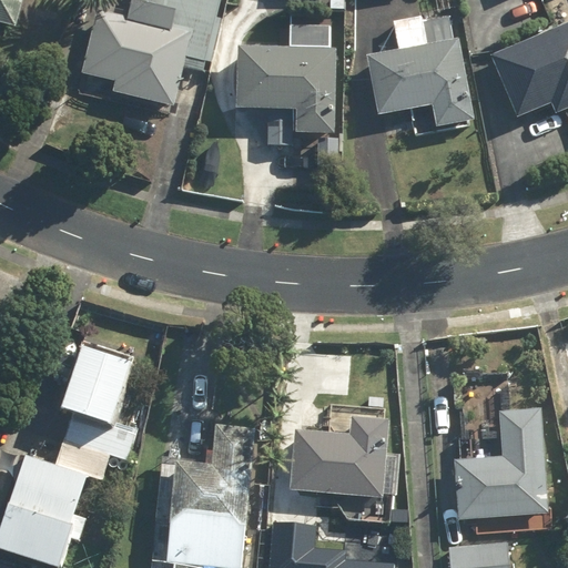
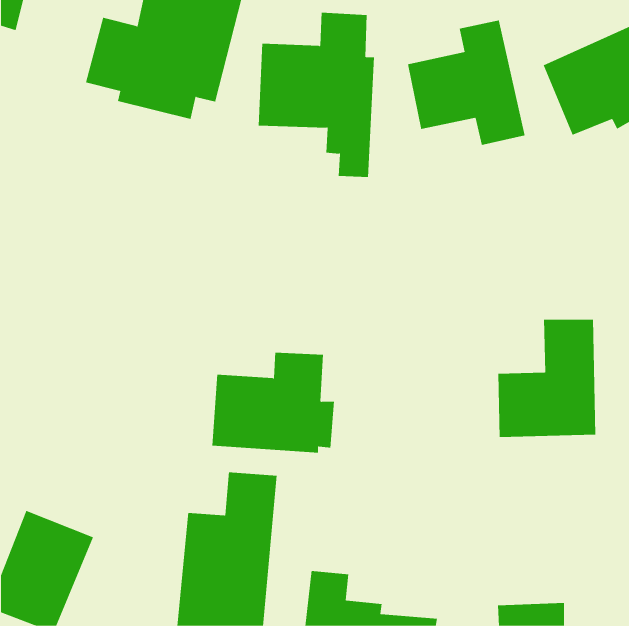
building: [53,347,139,480] -> none
building: [286,408,397,499] -> [212,352,335,453]
building: [457,410,546,517] -> [498,319,596,437]

